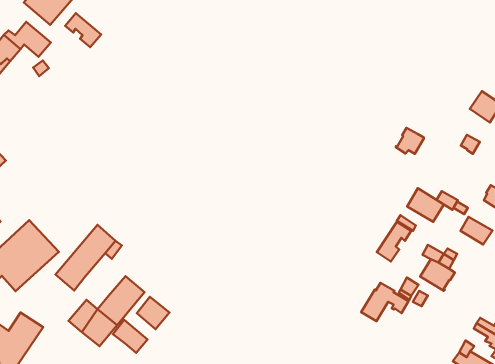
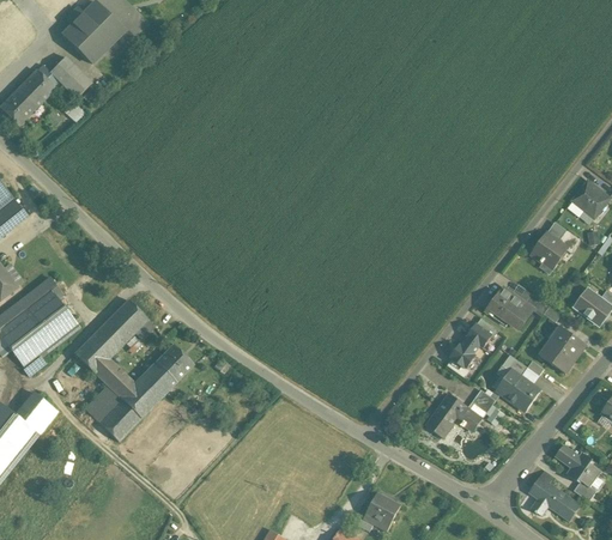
building: [65,13,101,47] -> none
building: [396,128,424,154] -> [531,233,564,265]
building: none -> [539,341,574,374]
building: [137,297,170,329] -> [154,344,193,382]
building: [113,320,147,353] -> [93,358,133,398]

